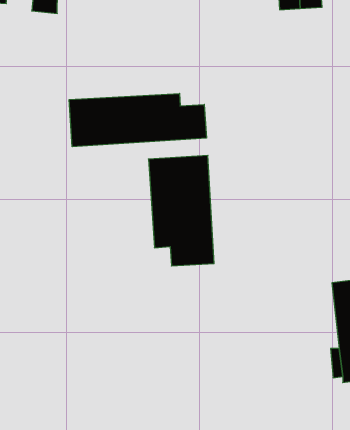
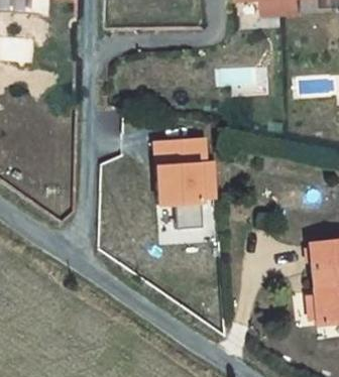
building: [69,93,206,147] -> none

